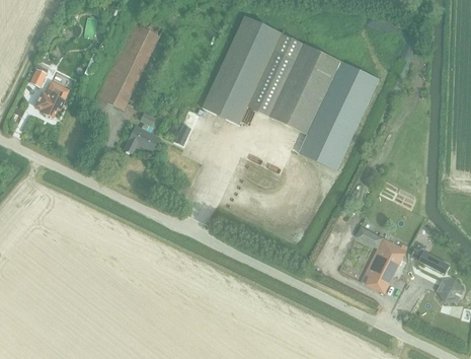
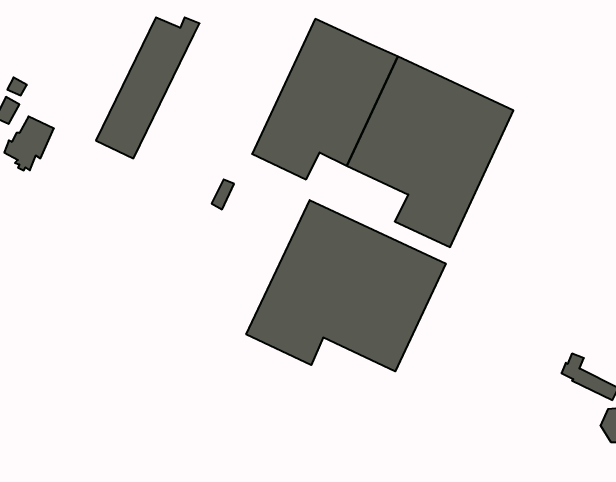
building: [124,116,159,153] -> none
building: none -> [246,200,446,371]
building: [357,227,407,293] -> none

